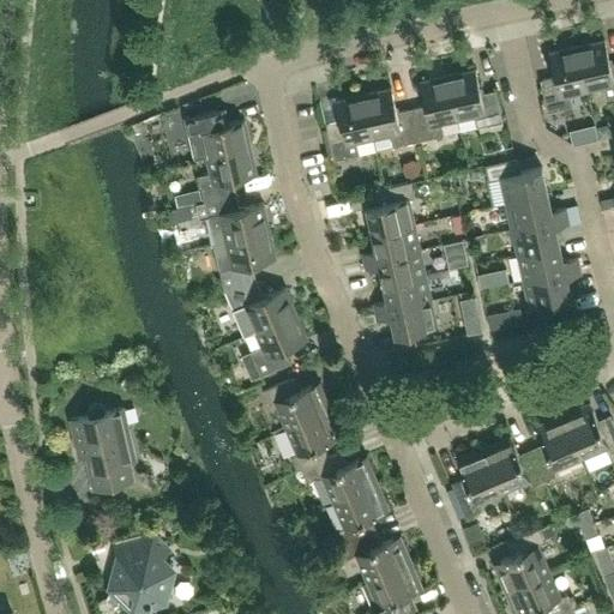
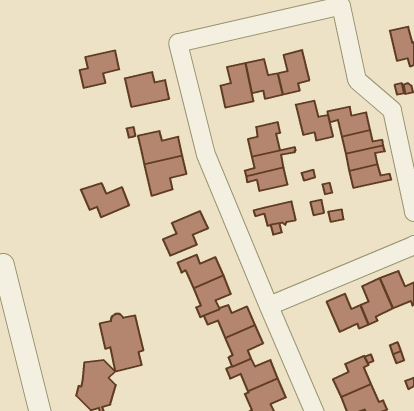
building: [541,49,588,115] -> none
building: [447,72,502,131] -> [296,101,333,140]
building: [198,150,257,205] -> [80,51,119,88]
building: [523,270,582,309] -> none
building: [373,277,432,315] -> none
building: [224,284,296,335] -> [81,183,129,217]
building: [71,408,136,493] -> [100,314,143,371]
building: [453,451,502,519] -> none

